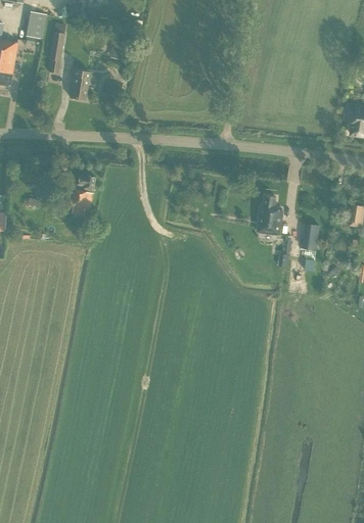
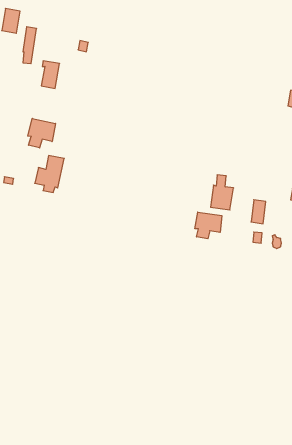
building: none -> [28,118,55,148]
building: none -> [195,212,222,239]

